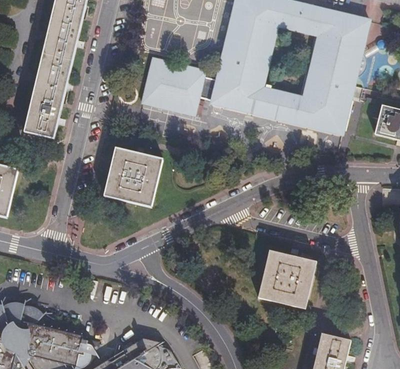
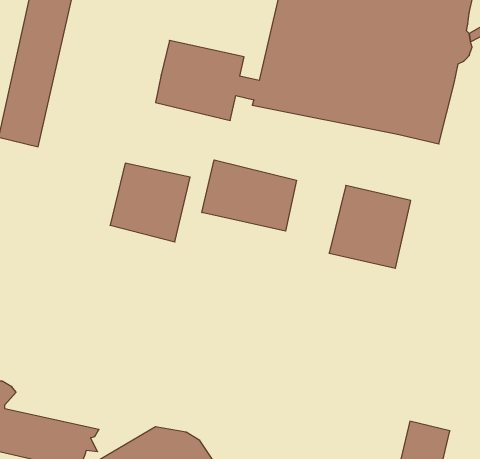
building: none -> [202,160,296,231]
building: [257,251,316,311] -> [329,185,411,268]

